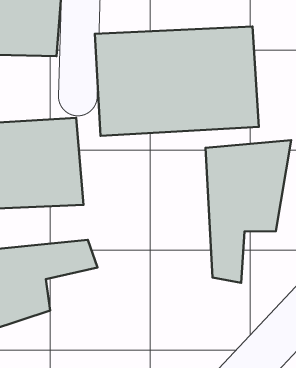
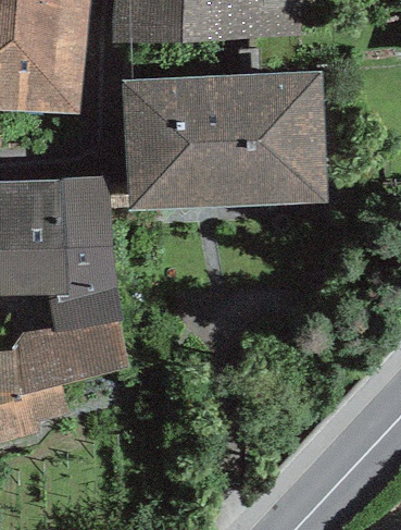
building: [206,140,291,283] -> none

